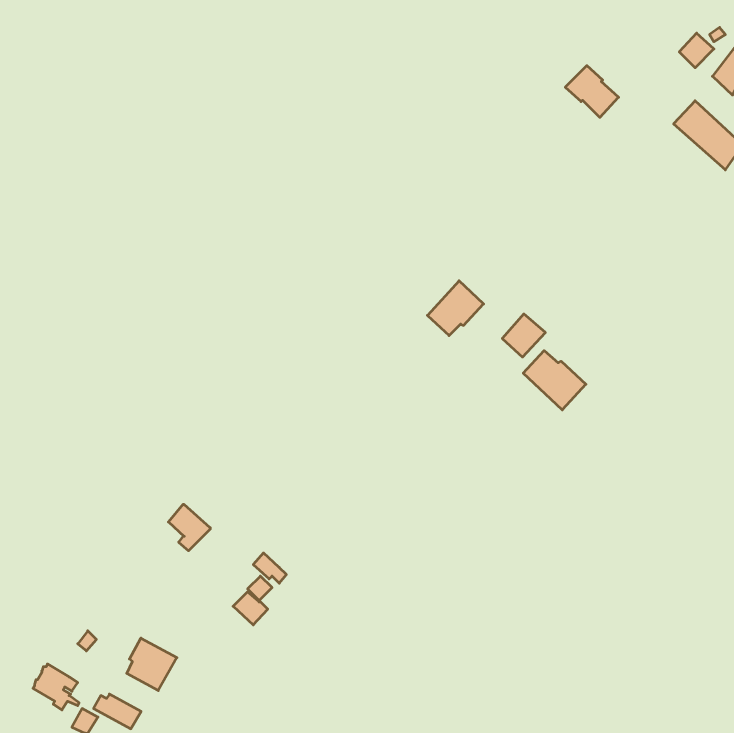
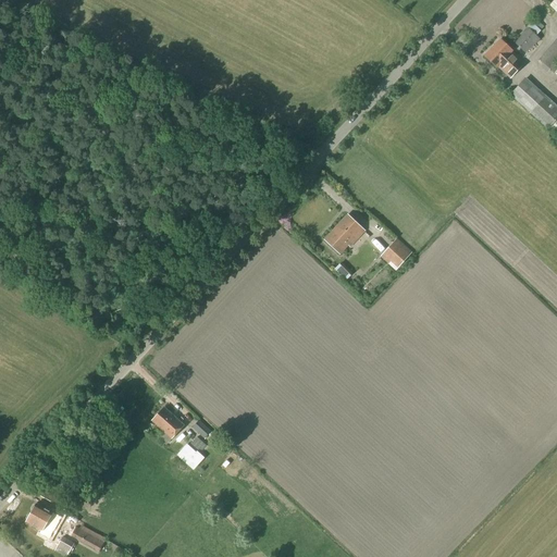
building: [565,66,619,117] -> [485,38,525,77]
building: [523,351,586,410] -> none
building: [168,505,210,551] -> [153,406,185,441]
building: [127,638,177,691] -> none

